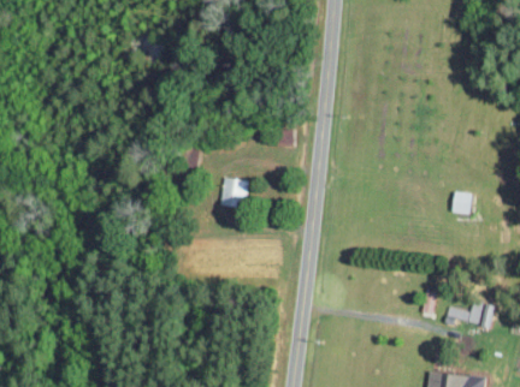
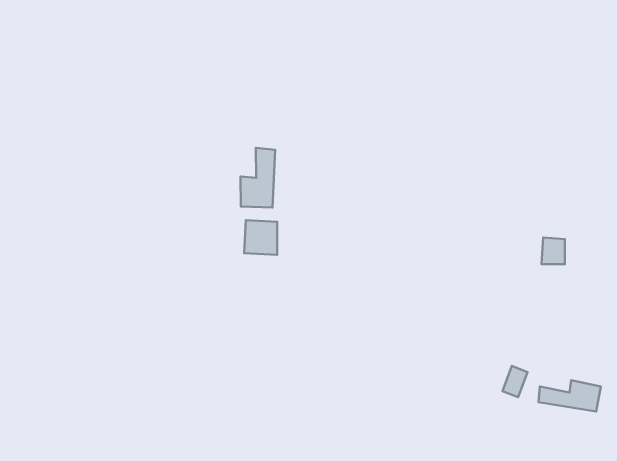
building: none -> [241,148,275,207]

